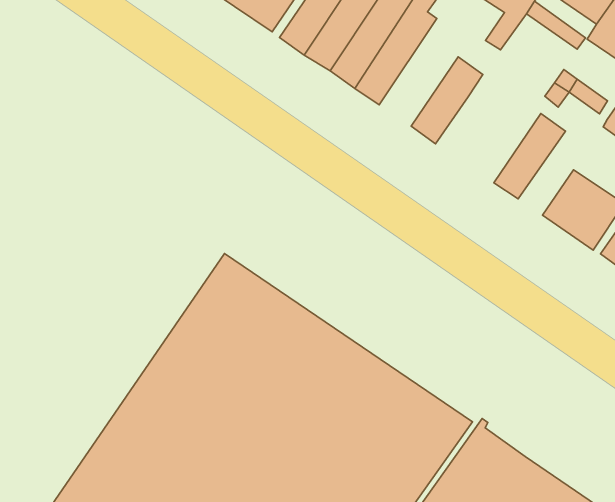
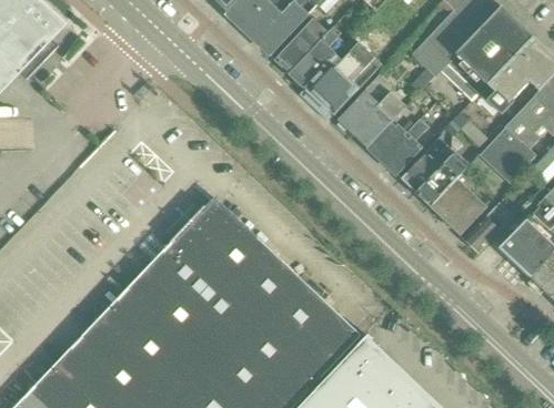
building: none -> [338,74,394,133]
building: none -> [366,119,427,175]
building: none -> [415,153,469,206]

